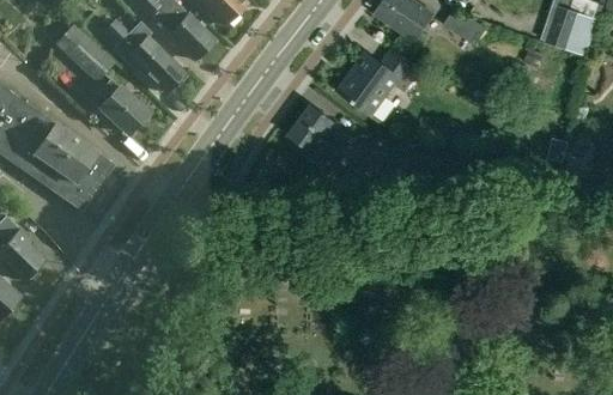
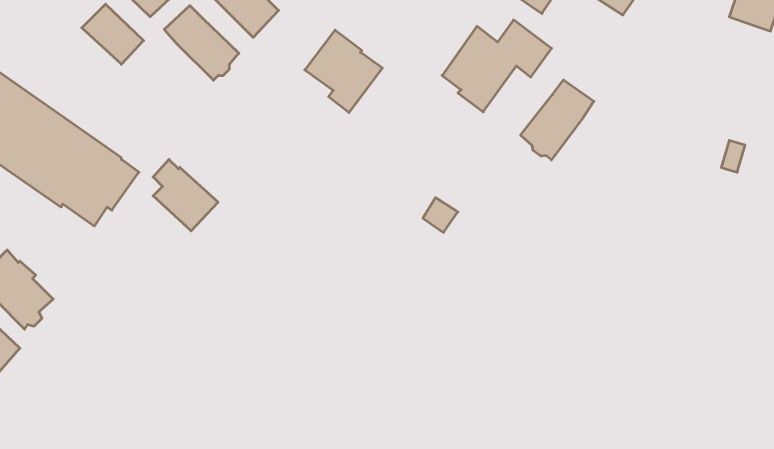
building: [98,79,147,133] -> [153,159,218,231]
building: none -> [521,80,594,160]
building: [289,105,347,168] -> [305,30,382,113]

